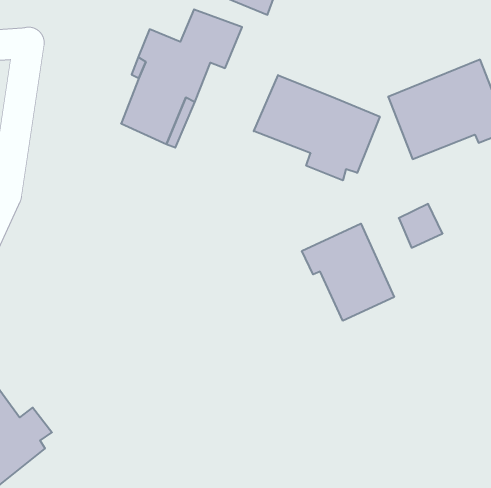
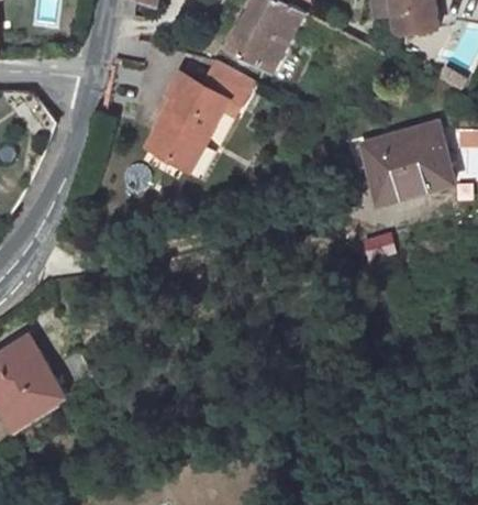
building: [254,75,380,180] -> none
building: [302,224,394,321] -> none

